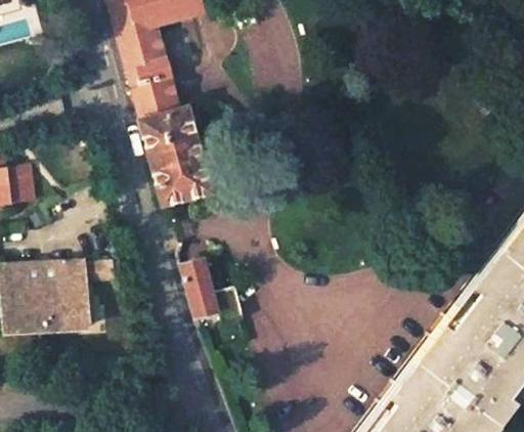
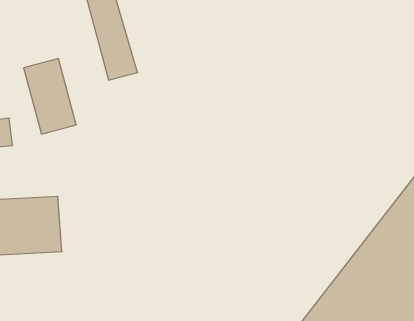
building: [144,113,208,204] -> [24,59,76,134]
building: [184,265,220,319] -> none

